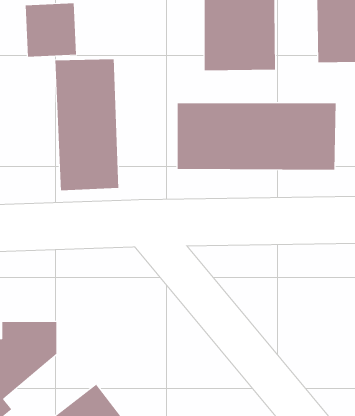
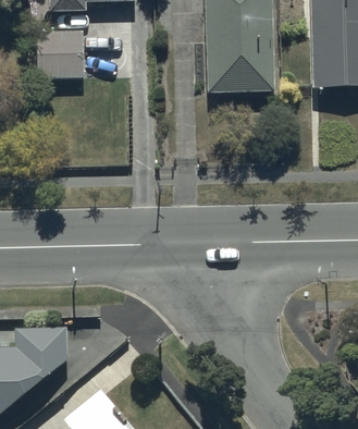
building: [55,58,119,191] -> none
building: [177,102,336,171] -> none

